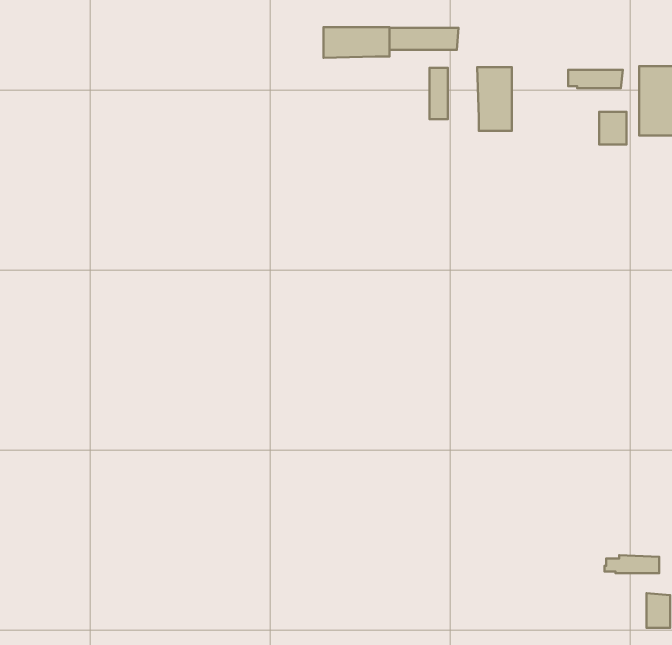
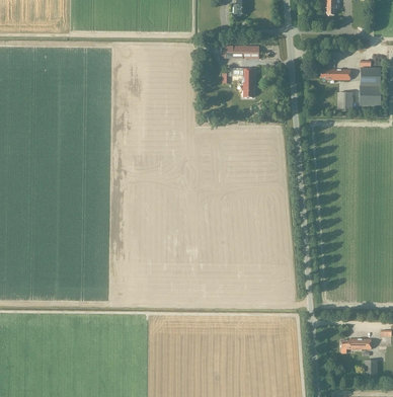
building: [324,27,389,58] -> none
building: [477,67,512,131] -> none

